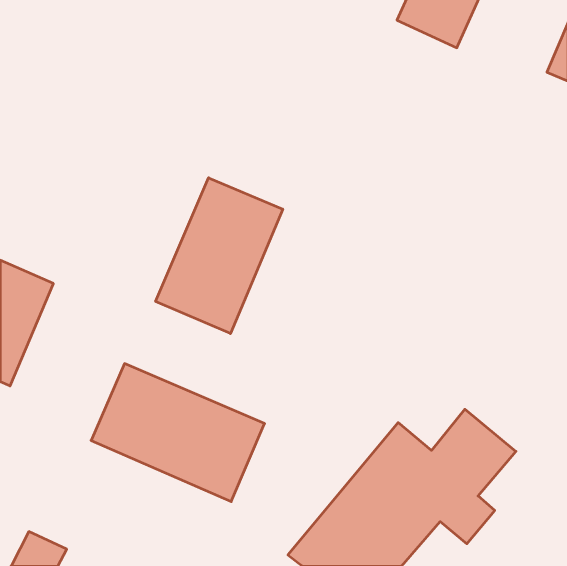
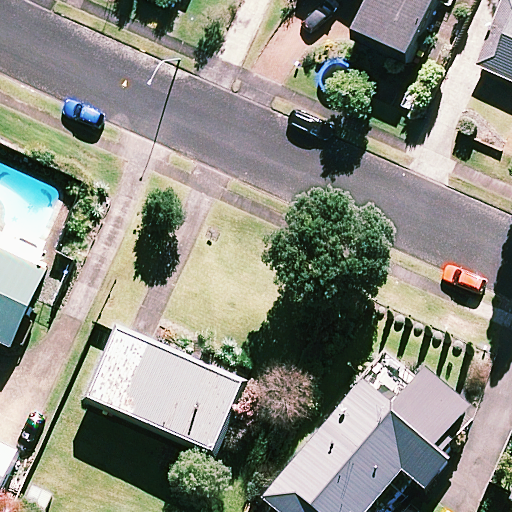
building: [156,178,283,334] -> none

